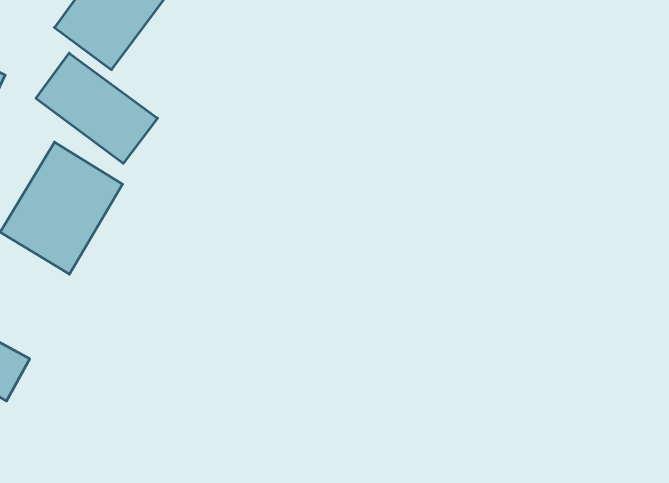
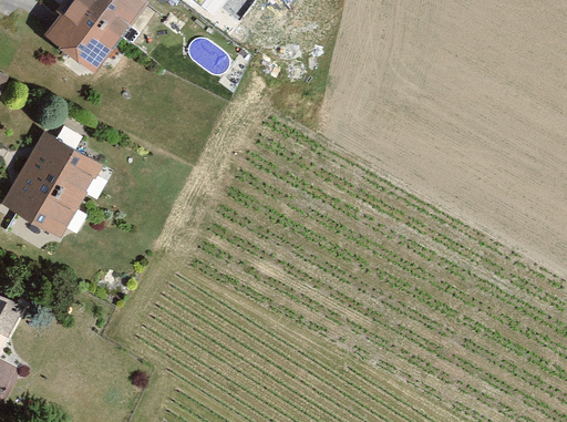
building: [36,53,158,163] -> none

